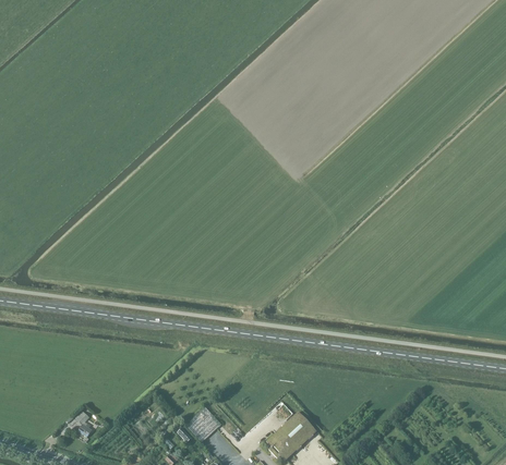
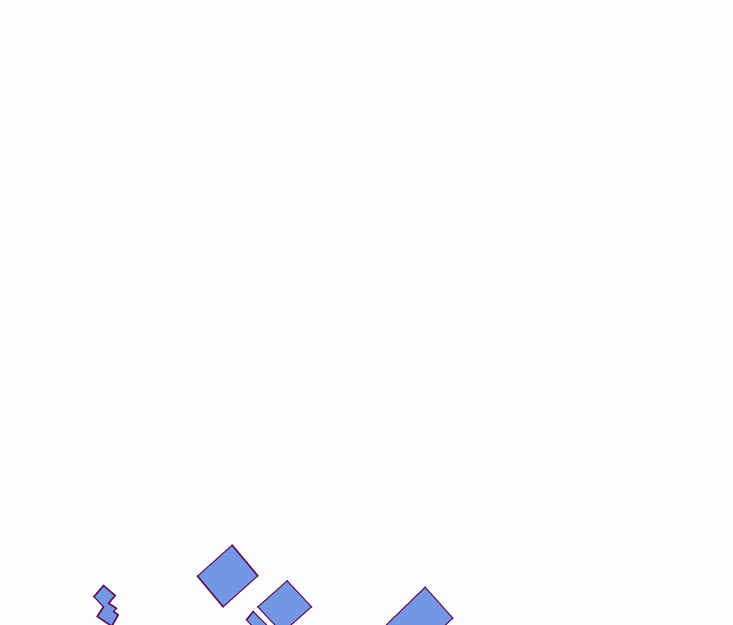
building: none -> [197,545,258,607]

